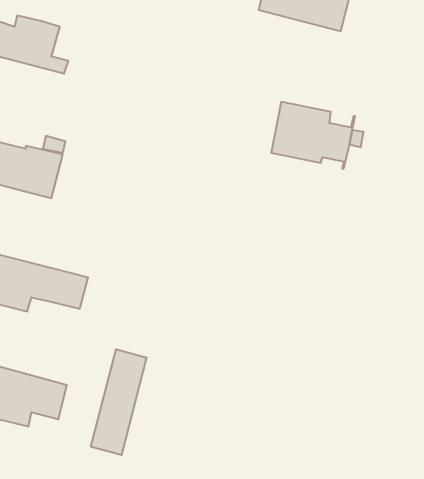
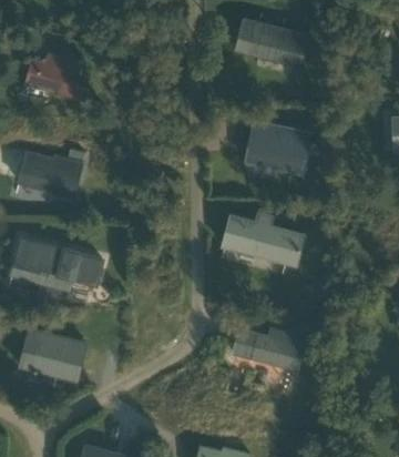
building: none -> [221,215,303,267]
building: [91,349,147,455] -> none
building: none -> [232,329,304,370]

